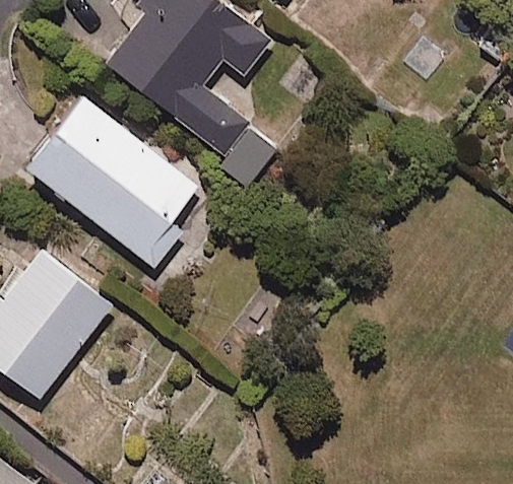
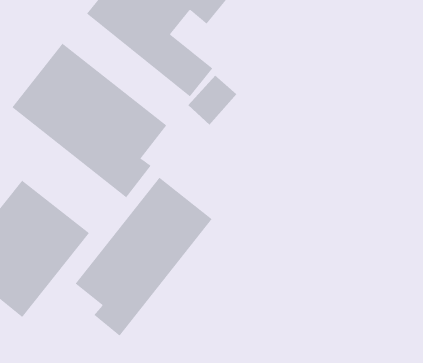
building: none -> [75,177,212,336]

